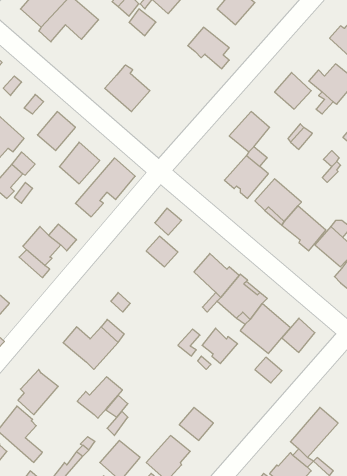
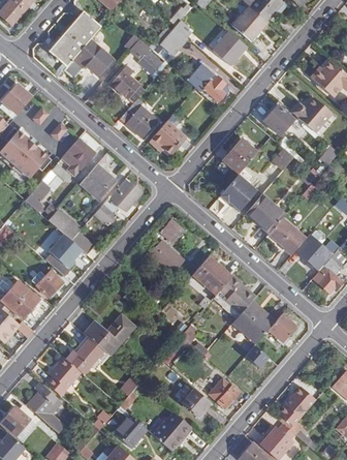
building: none -> [112,64,146,99]
building: none -> [150,120,186,152]
building: none -> [49,209,83,242]
building: none -> [36,270,63,298]
building: [202,328,238,364] -> [211,377,241,407]
building: [77,377,122,418] -> [65,338,103,373]

